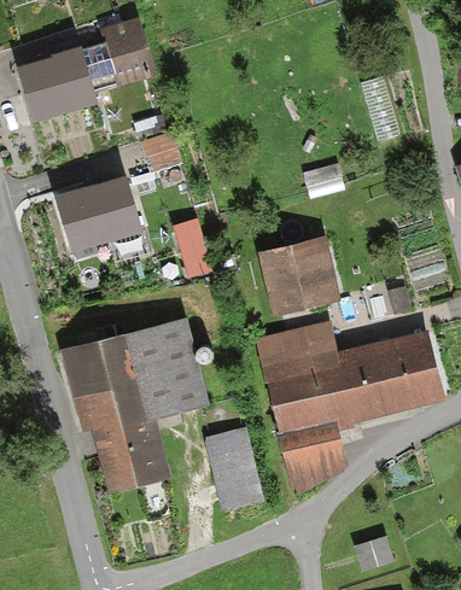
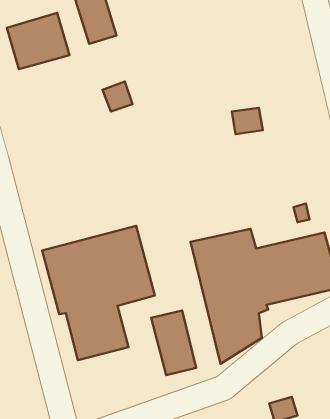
building: [59,174,142,256] -> none
building: [175,221,212,276] -> none
building: [259,233,343,317] -> none

